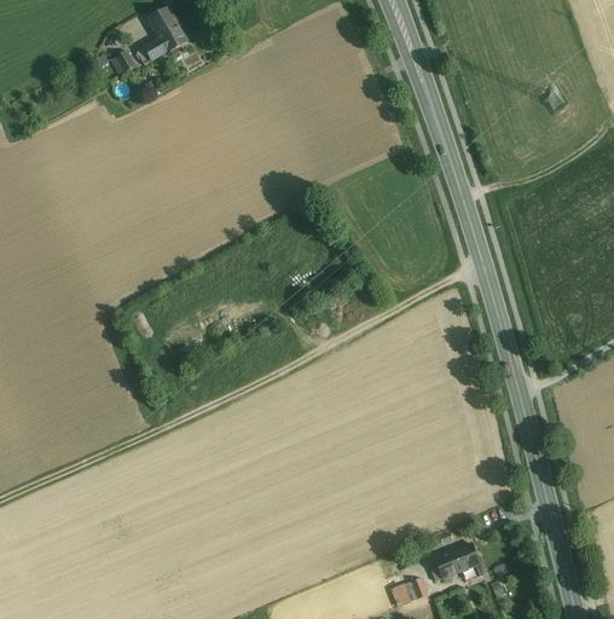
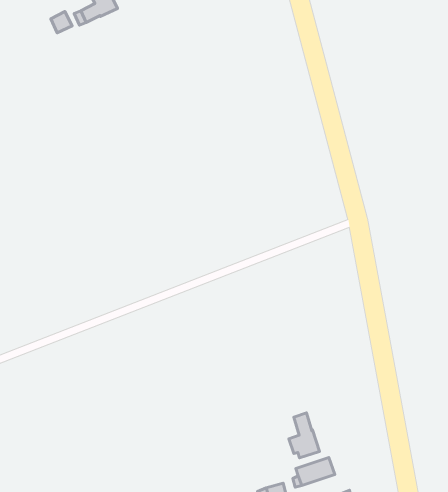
building: none -> [289,413,320,458]

